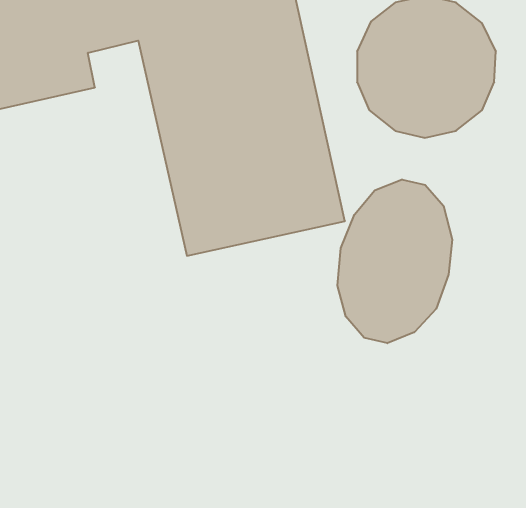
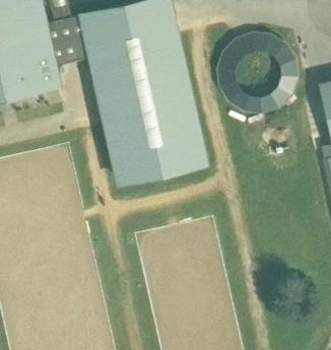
building: [337,179,452,343] -> none

